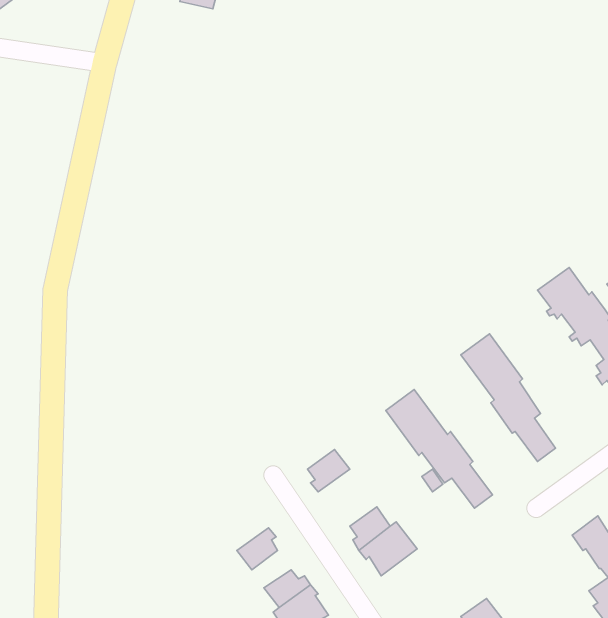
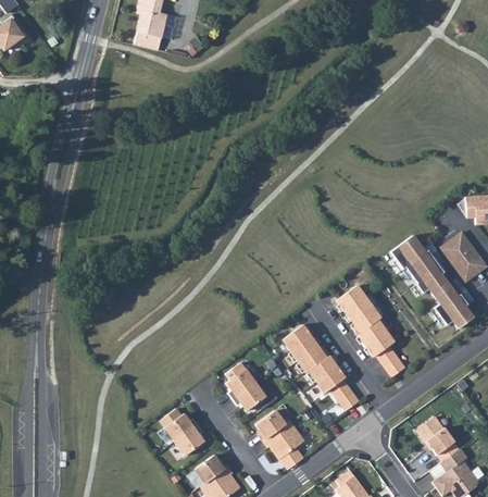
building: none -> [233,382,265,410]
building: none -> [164,412,197,440]

